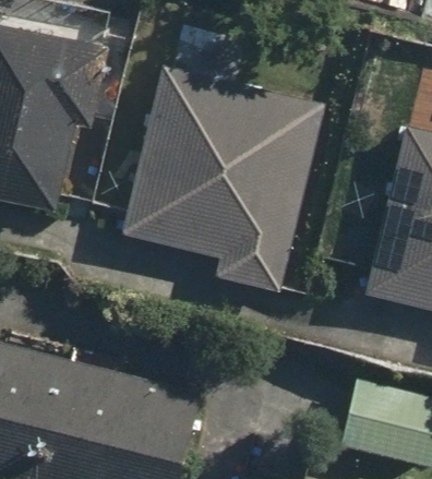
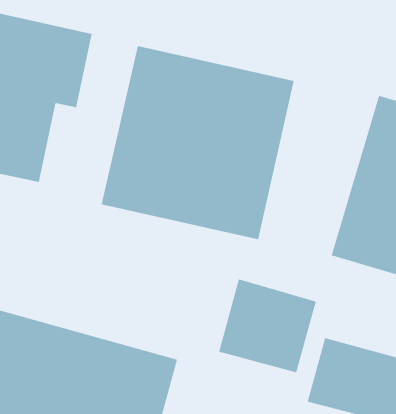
building: none -> [219,279,317,373]

